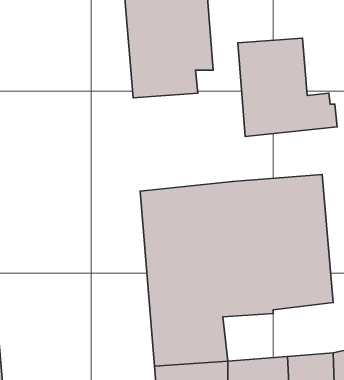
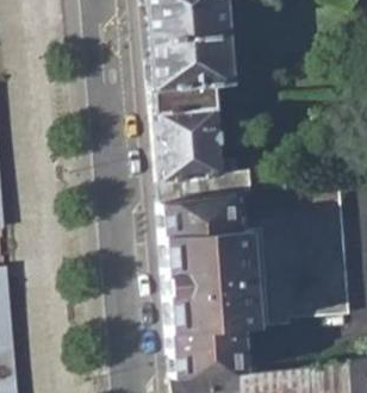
building: [238,38,337,136] -> [149,106,248,204]

